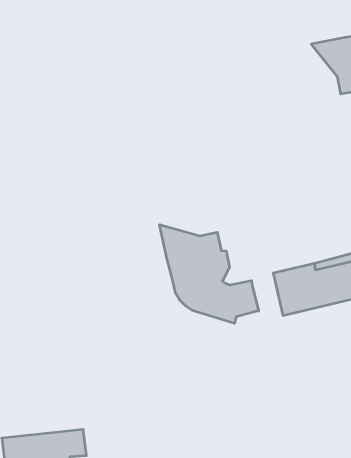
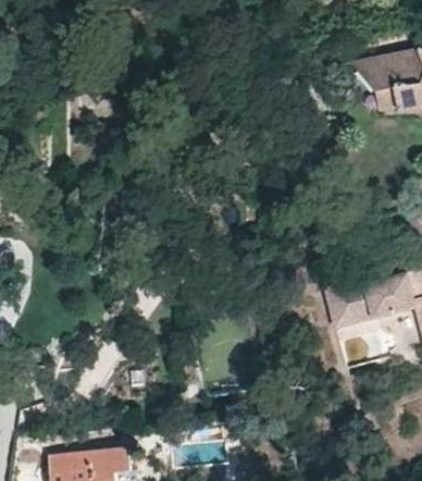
building: [160,225,259,323] -> none

